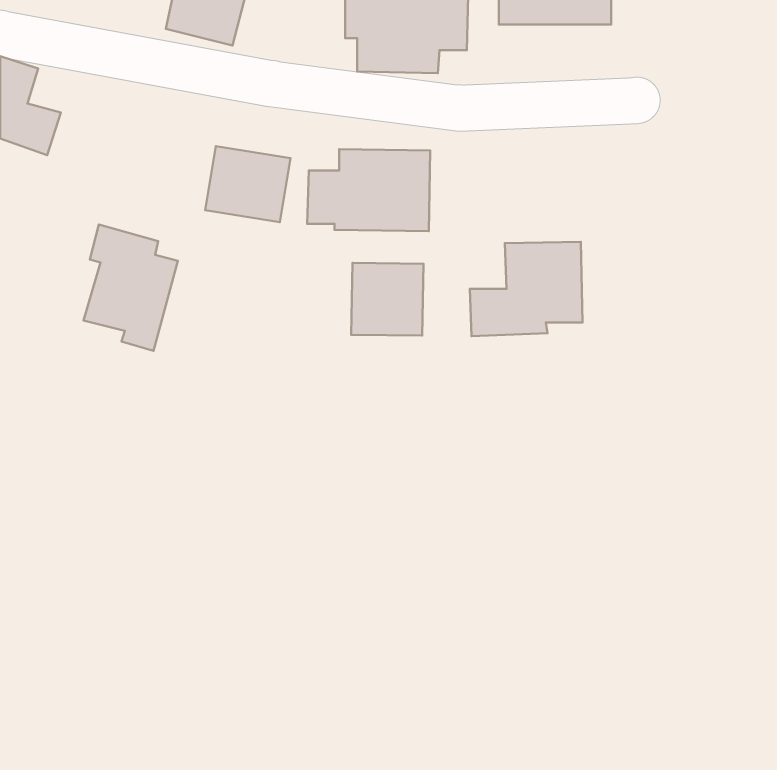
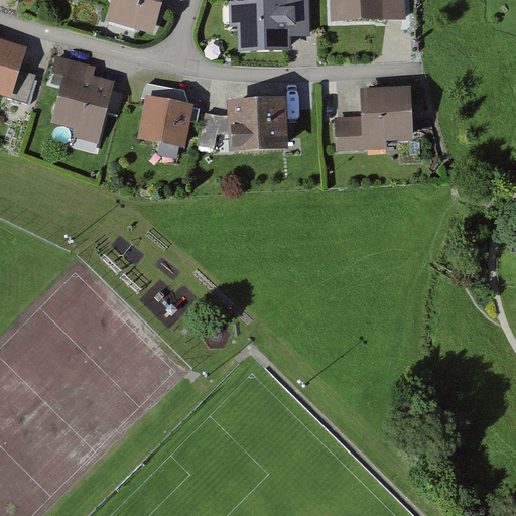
building: [84,224,178,351] -> [49,57,112,141]
building: [470,242,582,336] -> [334,88,408,150]
building: [351,263,424,336] -> none

